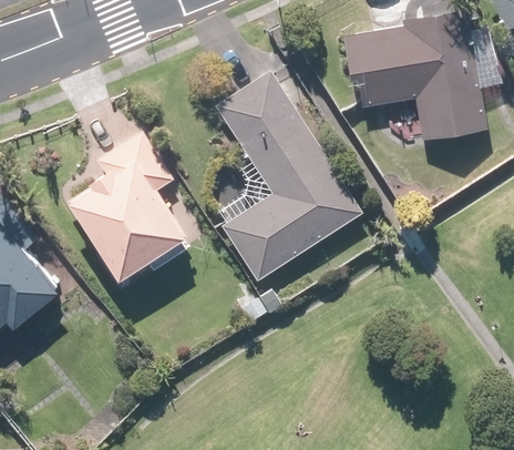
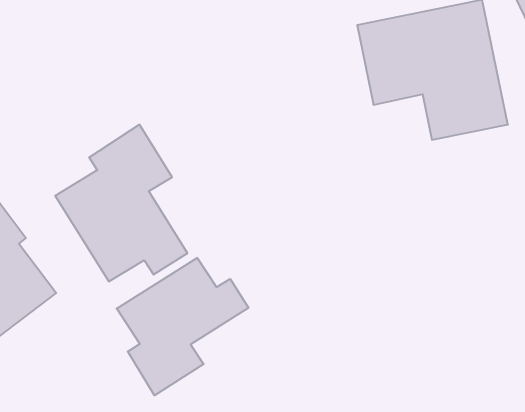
building: [213,71,363,282] -> none
building: none -> [117,258,249,395]

